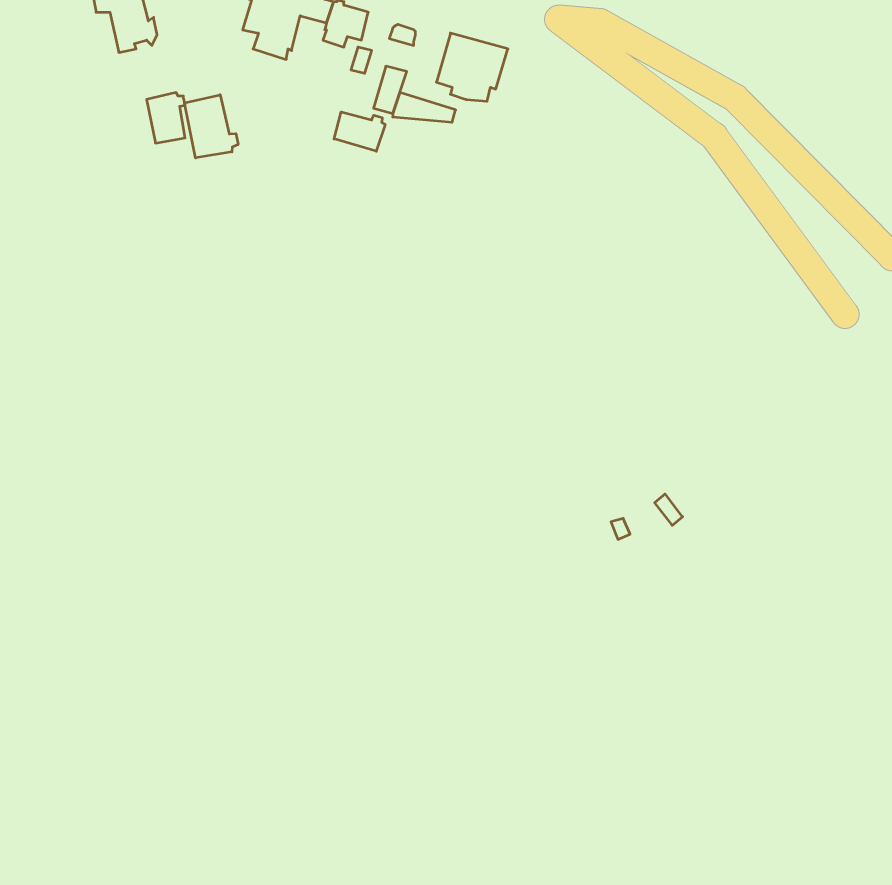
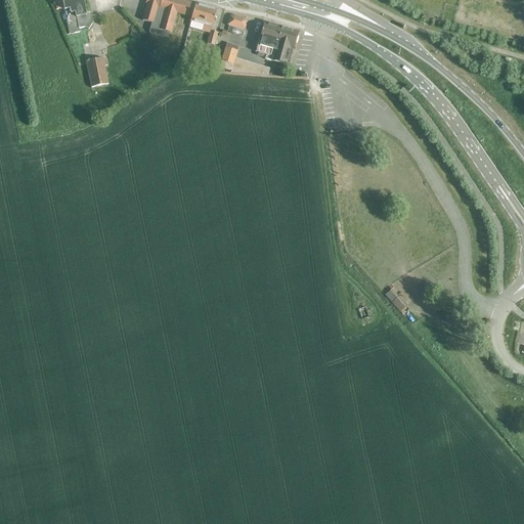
building: [185,95,238,158] -> none
building: [334,112,385,151] -> none

